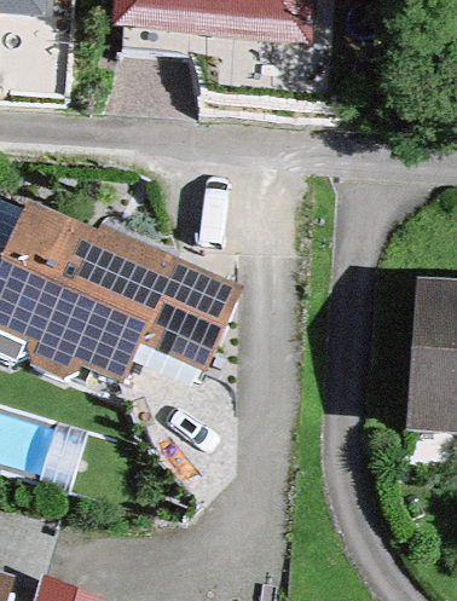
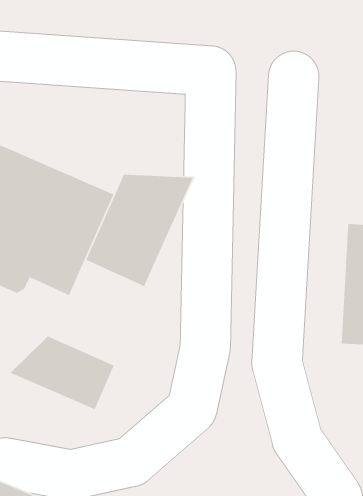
building: none -> [10,336,115,410]

